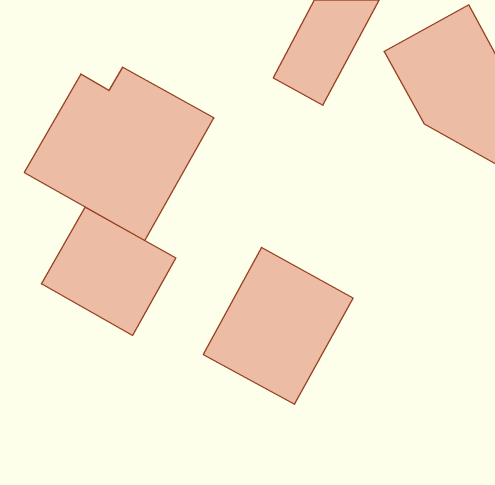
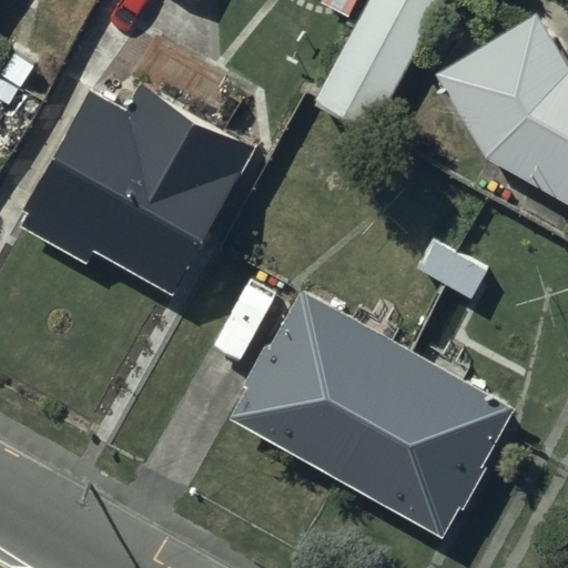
building: [41,207,176,335] -> none
building: none -> [338,354,504,529]

